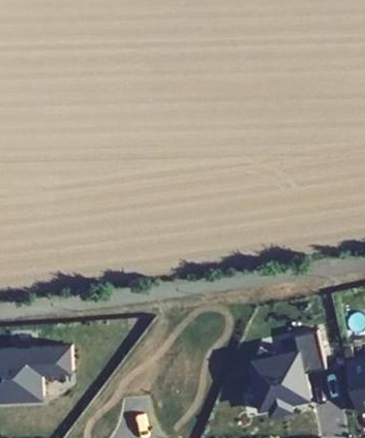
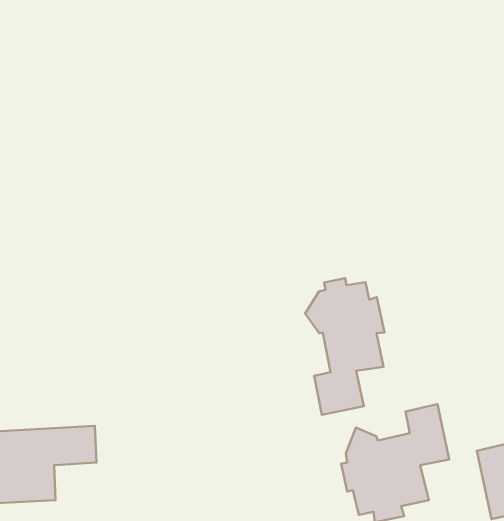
building: none -> [305,278,384,415]

